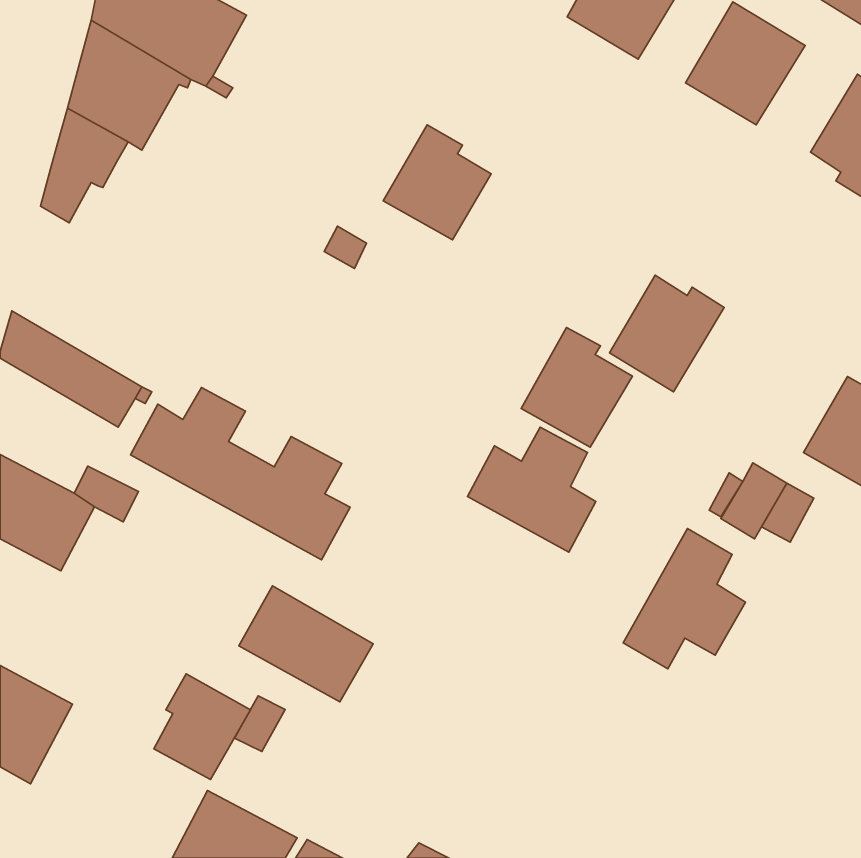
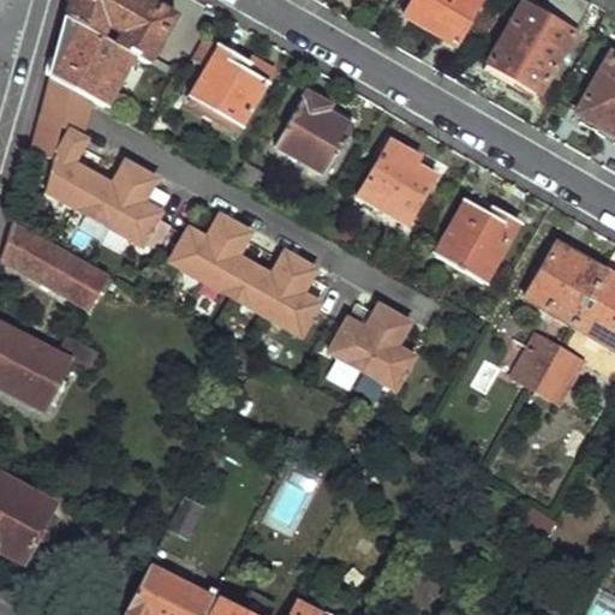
building: none -> [191,42,264,121]
building: none -> [50,132,166,250]
building: [521,327,632,447] -> [357,137,436,222]
building: none -> [526,240,604,322]
building: [131,387,350,560] -> [174,217,330,340]
building: [623,529,746,669] -> none
building: [239,586,373,702] -> none
building: [154,674,250,780] -> none

